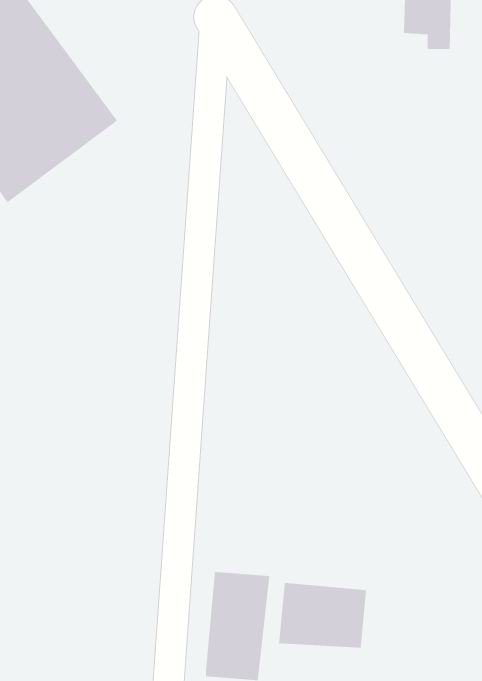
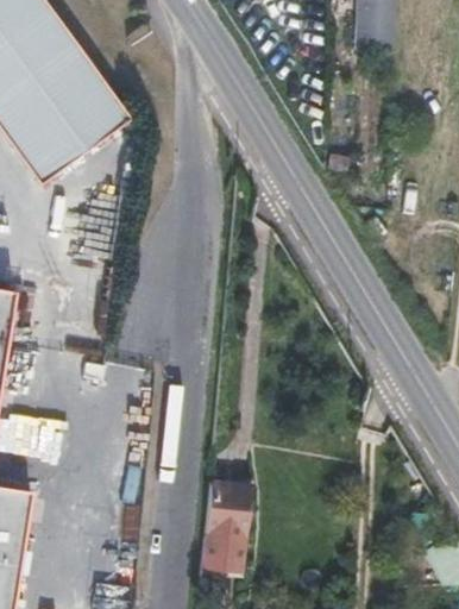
building: [279,582,367,649] -> none

